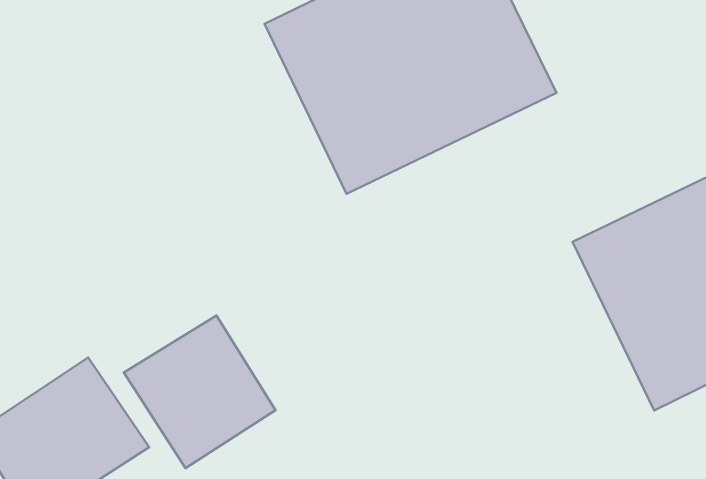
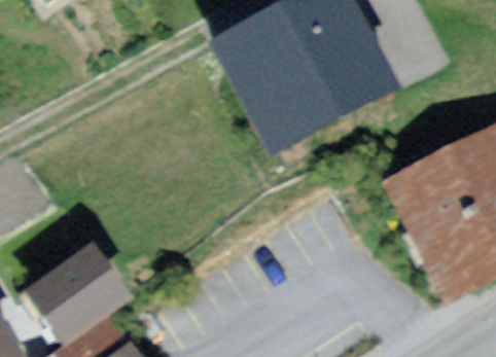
building: [124,315,275,468] -> none

